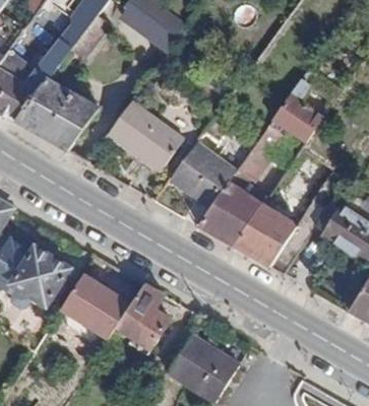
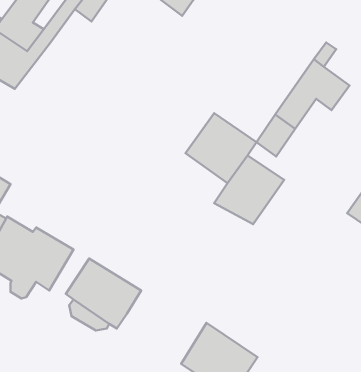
building: [15,77,100,150] -> none
building: [107,103,181,171] -> none
building: [234,203,317,272] -> none
building: [118,283,170,347] -> none

